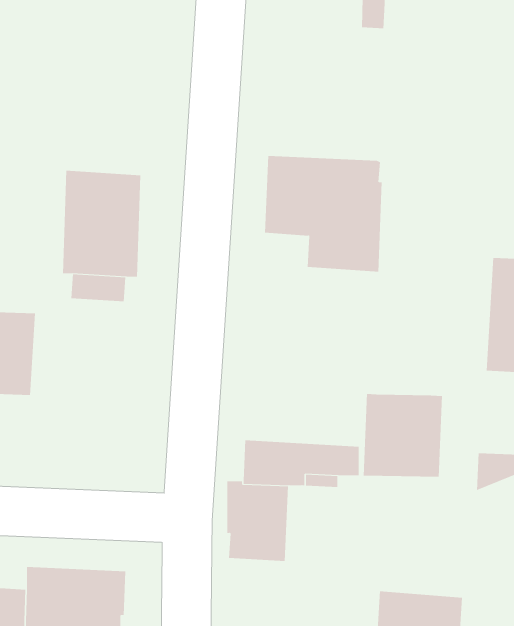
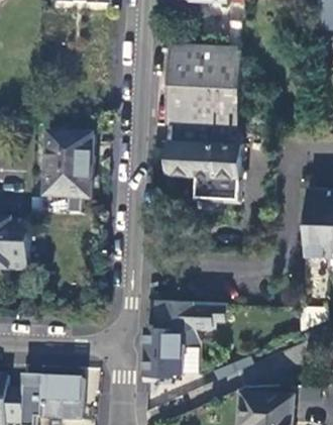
building: none -> [164,43,241,127]
building: [363,393,443,477] -> none

